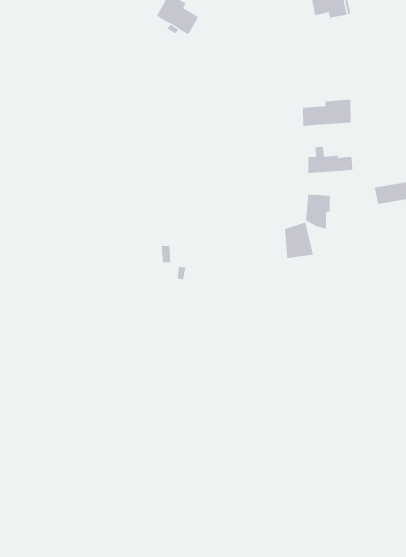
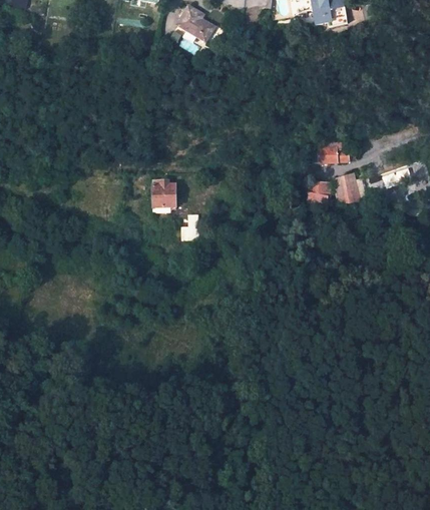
building: [302,99,351,127] -> none
building: none -> [152,179,176,207]
building: [284,222,314,258] -> [335,172,361,204]

